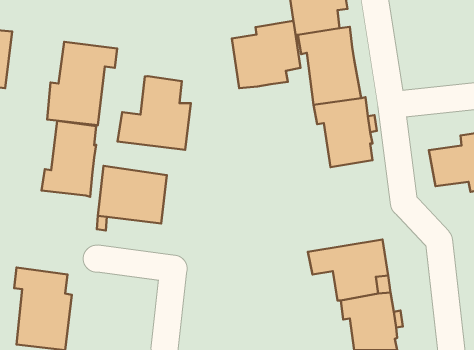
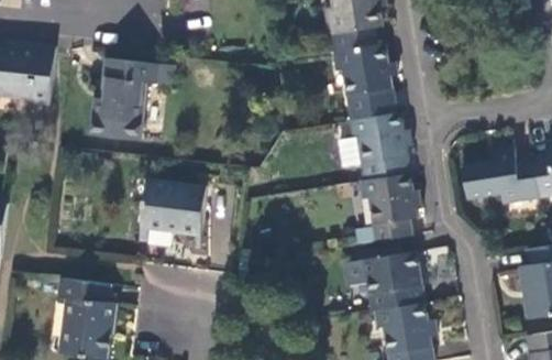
building: [232,21,301,88] -> none
building: [118,76,191,150] -> none
building: [42,121,96,197] -> none
building: none -> [358,174,416,241]

